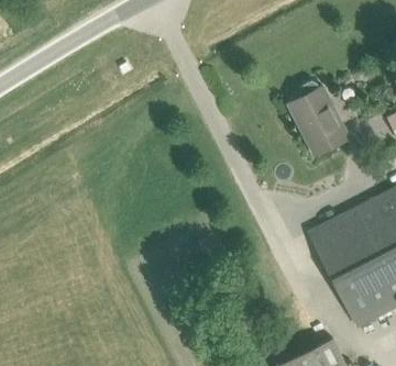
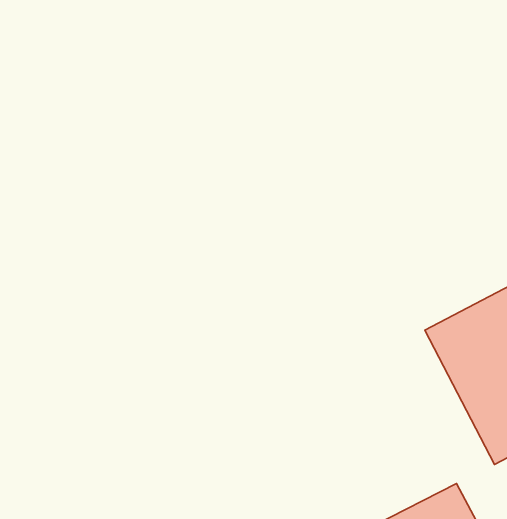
building: [286,80,348,155] -> none

